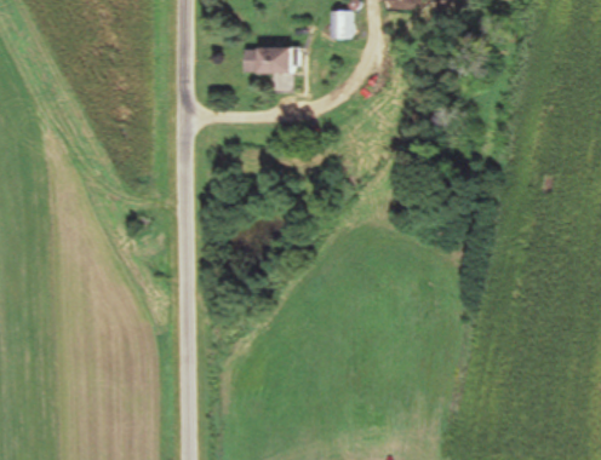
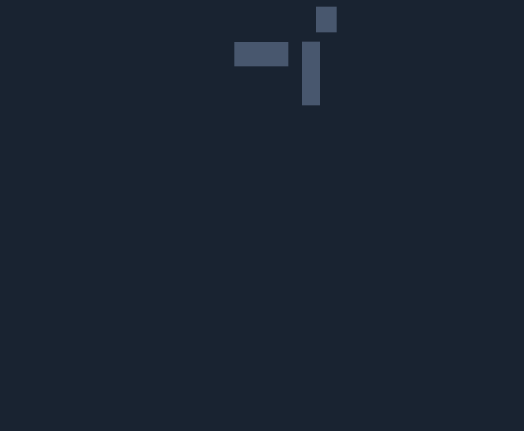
building: none -> [301,41,321,106]

